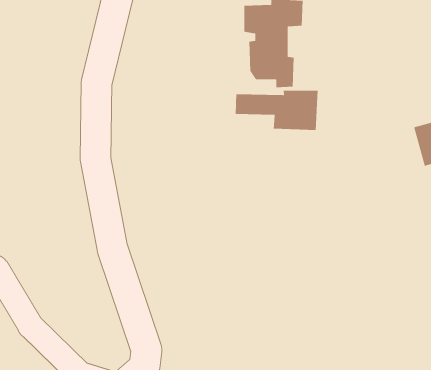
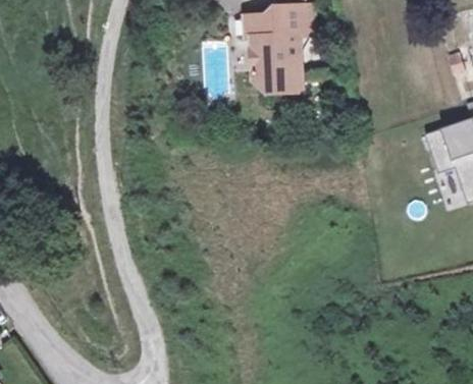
building: [235,90,318,131] -> none

